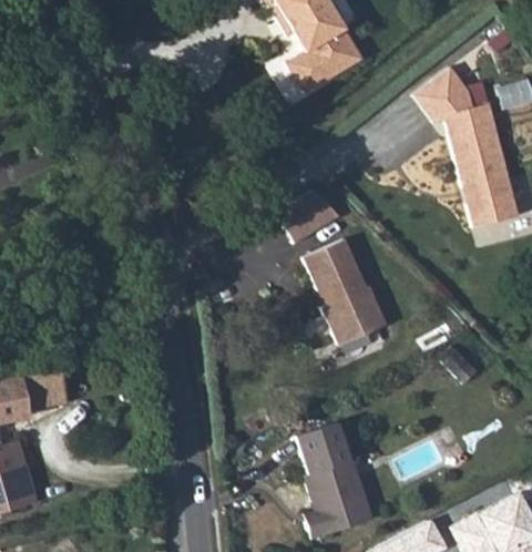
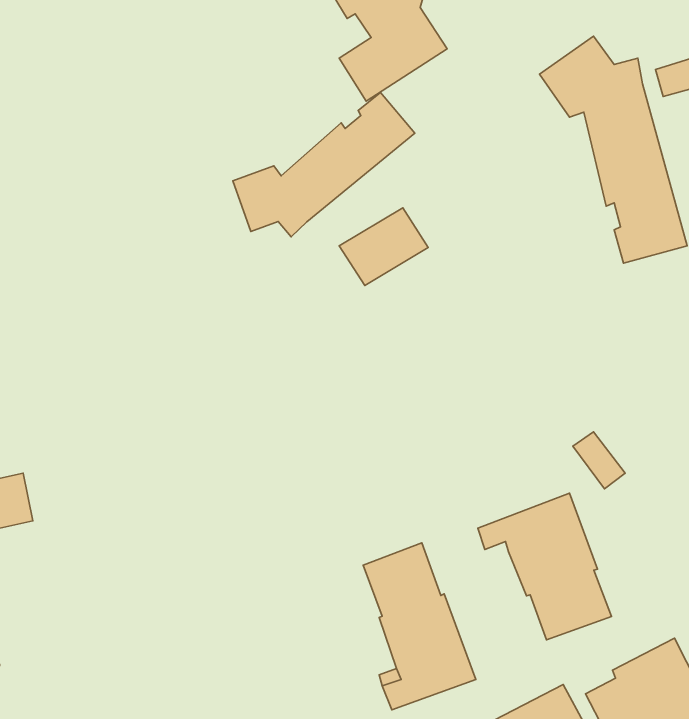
building: none -> [233,92,415,237]
building: [304,237,386,343] -> none
building: none -> [478,493,611,640]

